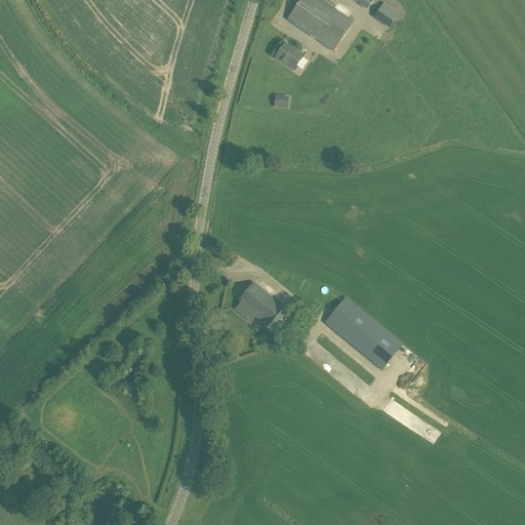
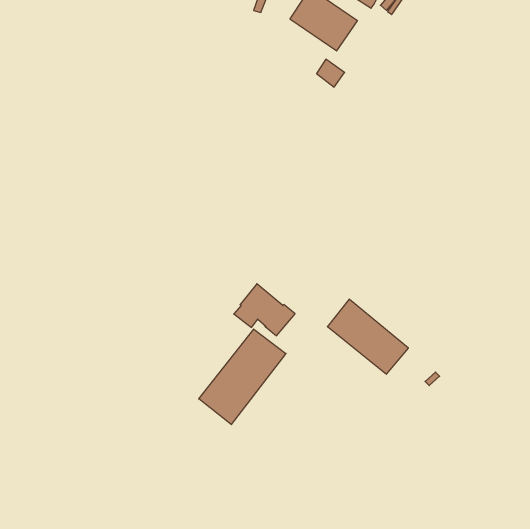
building: [275,41,302,69] -> [317,59,345,87]
building: none -> [199,329,286,425]

